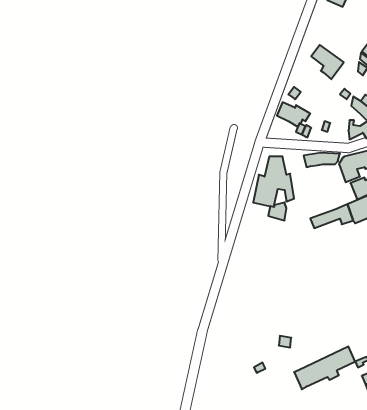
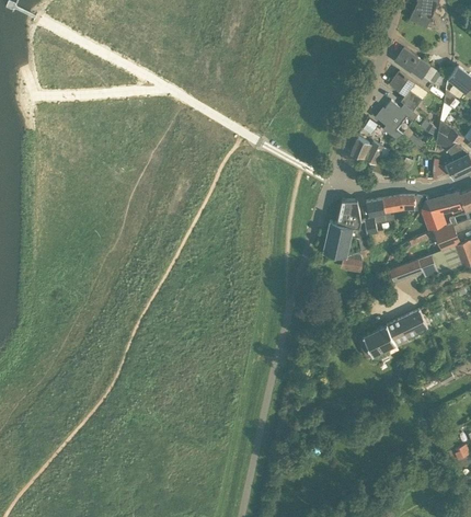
building: none -> [397,47,430,79]
building: none -> [376,101,418,138]
building: none -> [366,198,394,233]
building: [294,346,355,389] -> [357,309,427,358]

